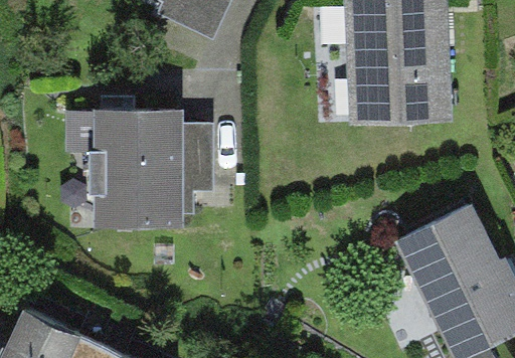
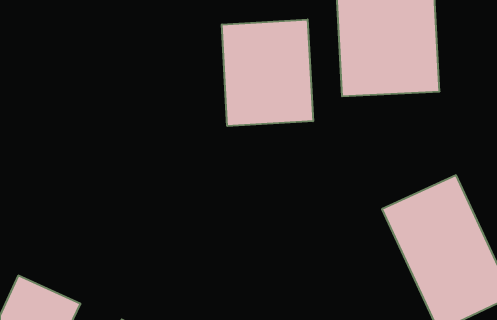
building: none -> [222,19,313,126]
building: [76,109,190,233] -> none

